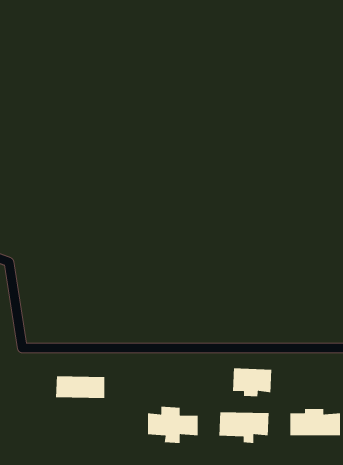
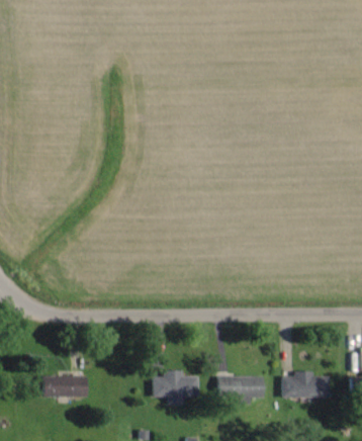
building: [232,367,272,397] -> none
building: [55,375,105,399] -> [41,375,87,396]

